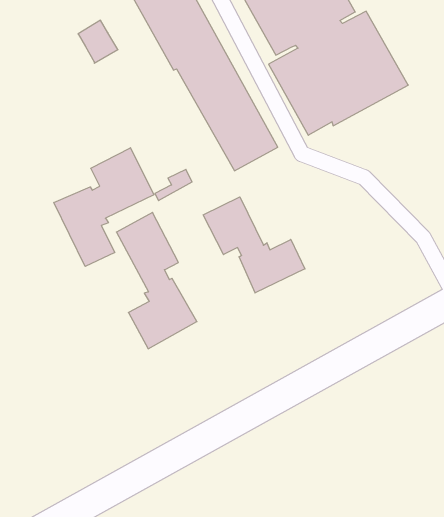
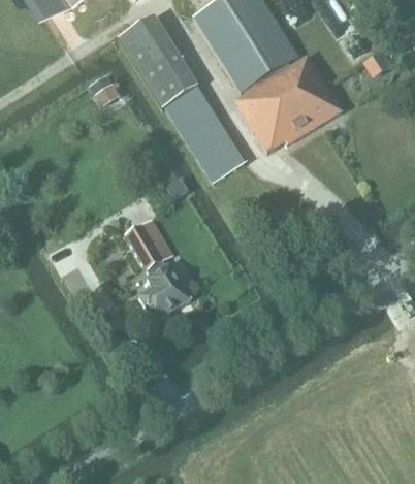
building: [54,148,154,266] -> none
building: [203,197,305,293] -> none

